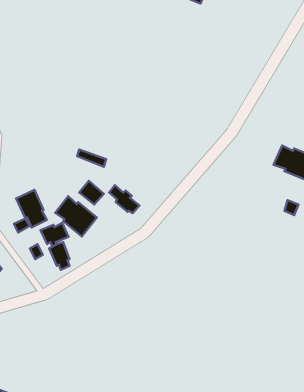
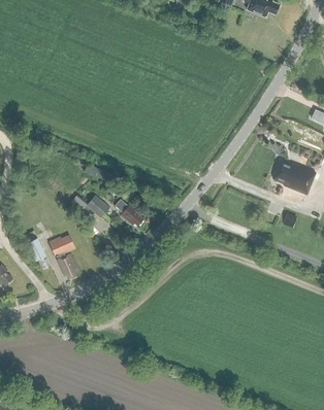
building: [16,190,47,227] -> none
building: [55,196,97,236] -> none

